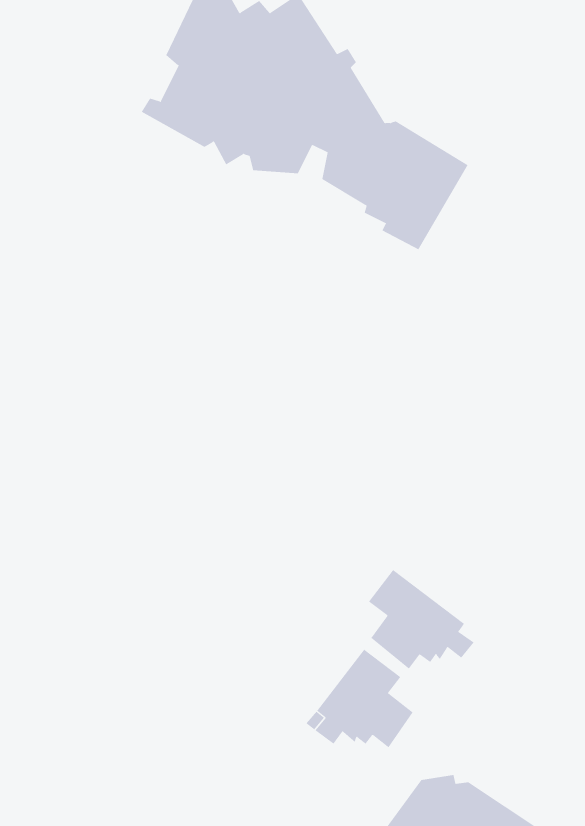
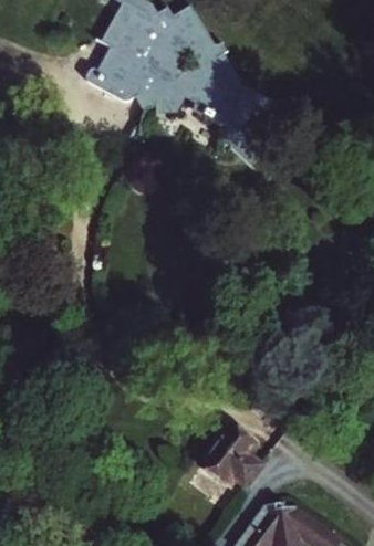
building: [368,569,475,669] -> none

